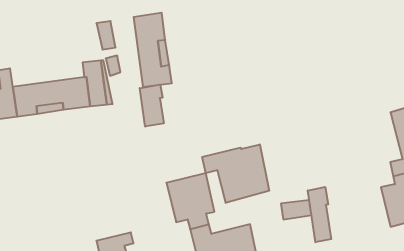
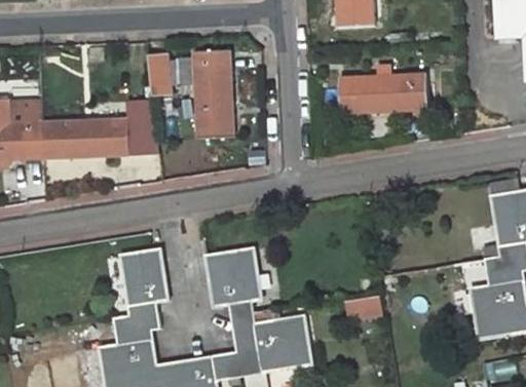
building: none -> [338,73,426,113]
building: [140,85,164,127] -> none
building: [202,144,269,203] -> none
building: none -> [126,249,172,316]
building: [308,187,331,242] -> none

